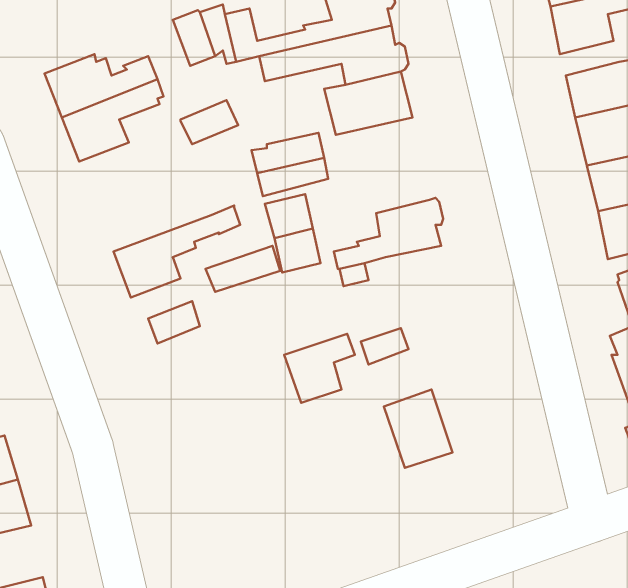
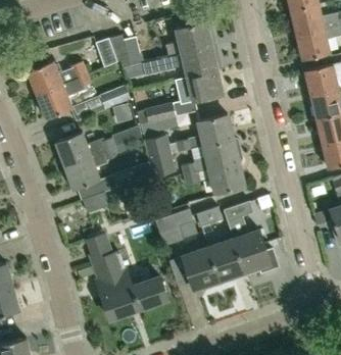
building: none -> [176,113,232,150]
building: none -> [54,131,128,165]
building: none -> [208,162,243,192]
building: none -> [223,201,279,272]
building: none -> [87,235,167,318]
building: none -> [182,248,218,290]

